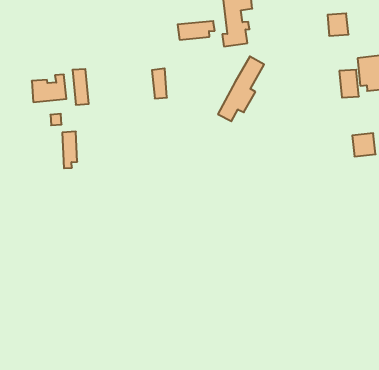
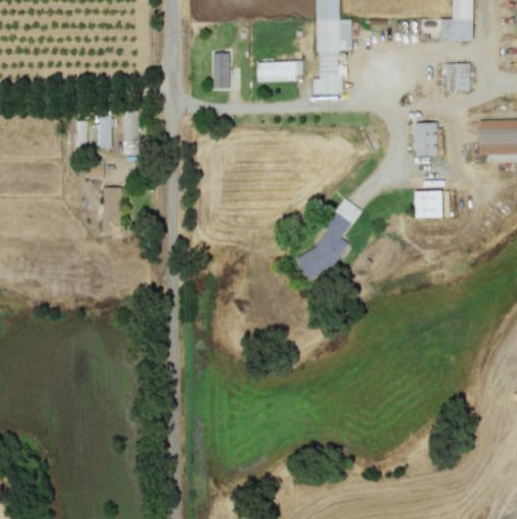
building: [218,56,264,121] -> [299,198,361,278]
building: [152,68,167,98] -> [213,53,229,90]
building: [339,70,359,98] -> [415,123,438,157]
building: [352,133,376,156] -> [415,191,443,219]

